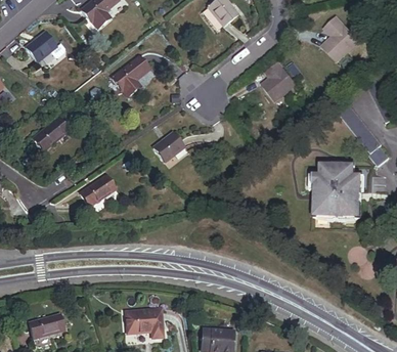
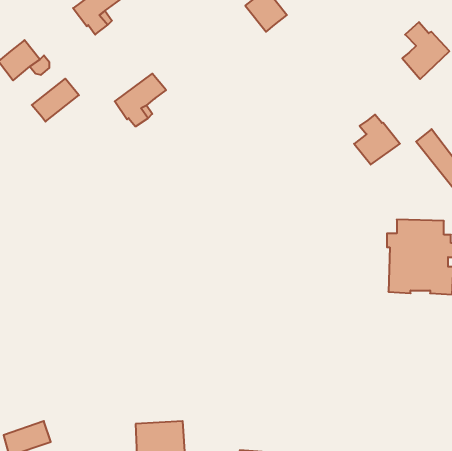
building: [262,62,296,99] -> [354,115,400,165]
building: [33,118,68,149] -> [32,79,79,122]
building: [153,132,184,162] -> none
building: [80,175,115,206] -> none

